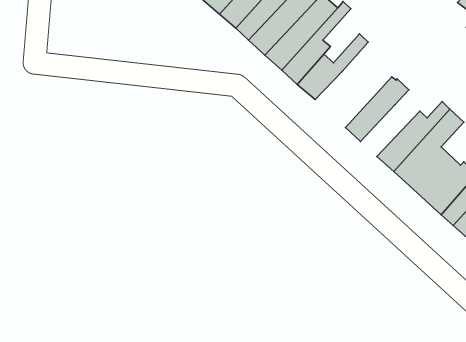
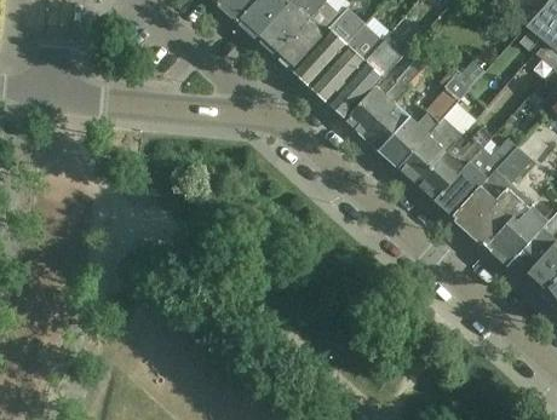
building: none -> [366,59,484,166]
building: none -> [417,126,493,199]

